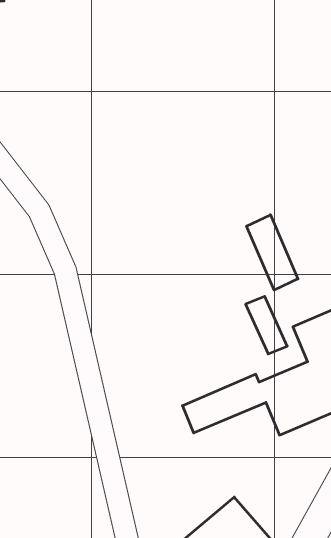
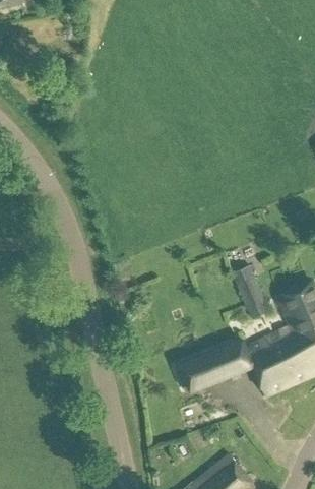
building: [247,215,298,290] -> none

